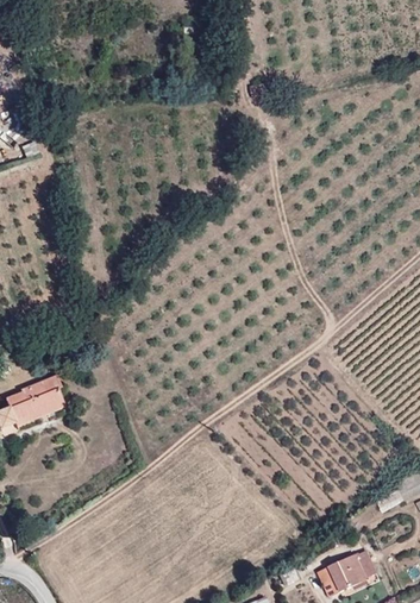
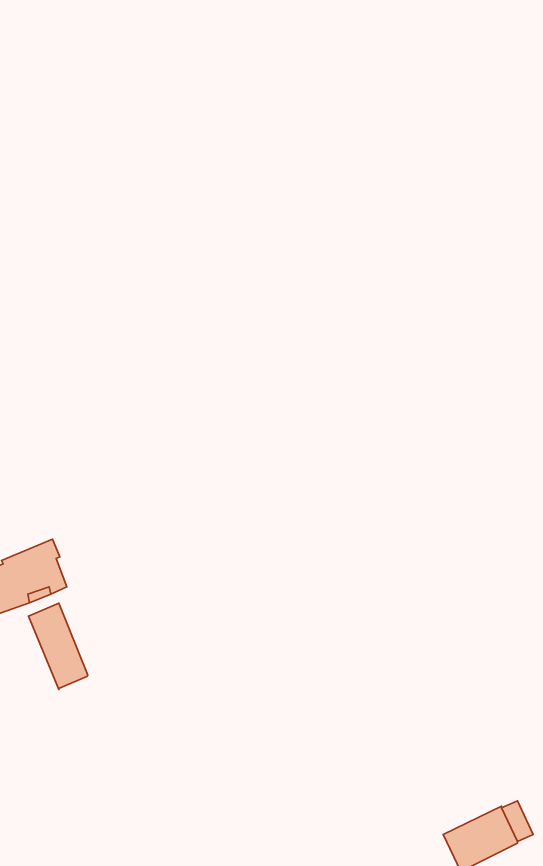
building: none -> [28,603,88,690]

